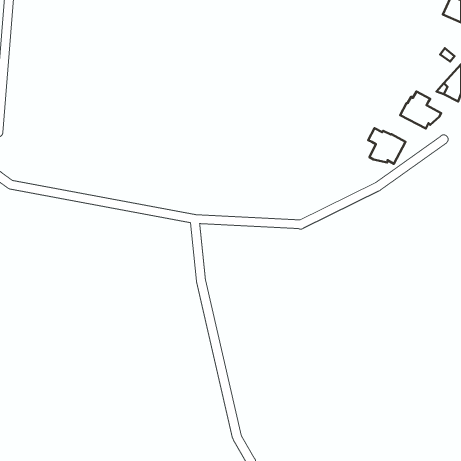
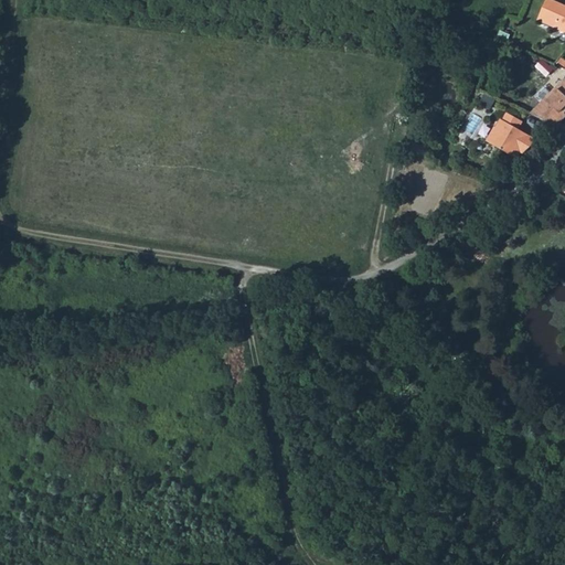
building: [368,128,406,164] -> none

